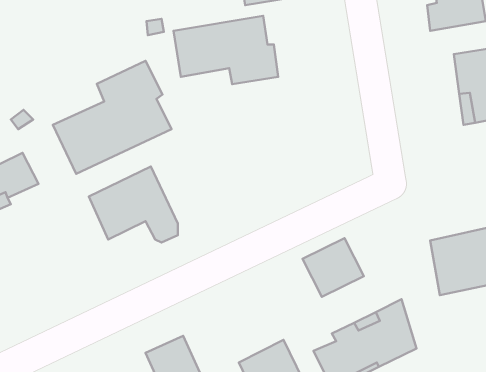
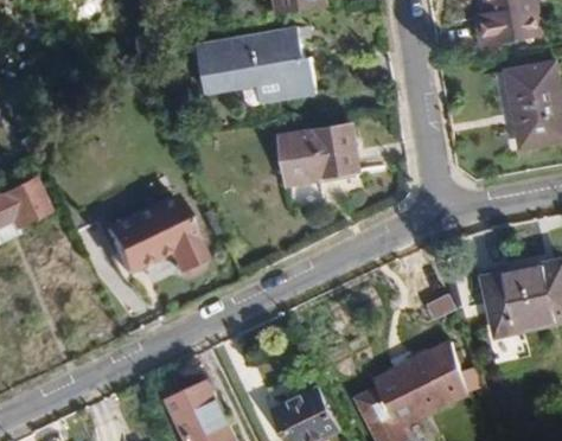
building: [53,61,171,174] -> none
building: none -> [279,124,359,185]
building: [303,238,364,297] -> none

